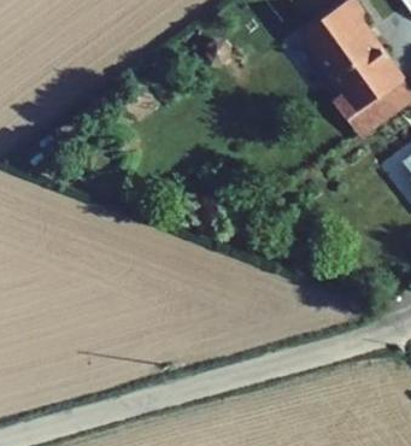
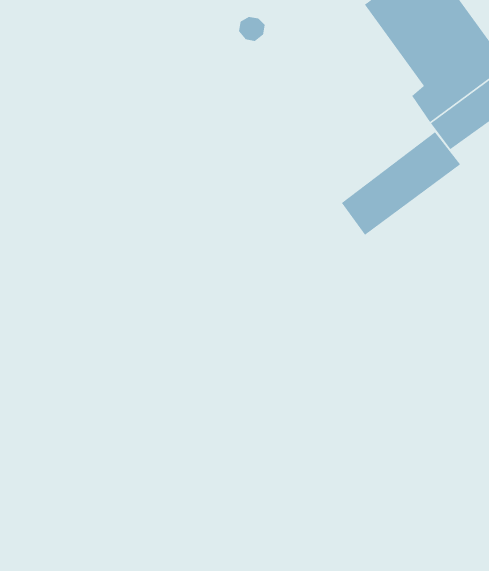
building: none -> [341,131,461,236]

